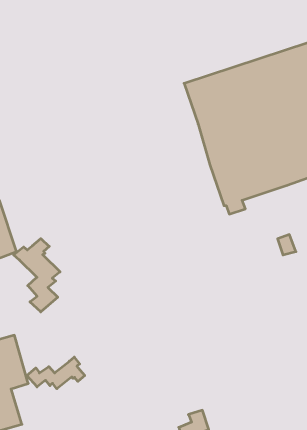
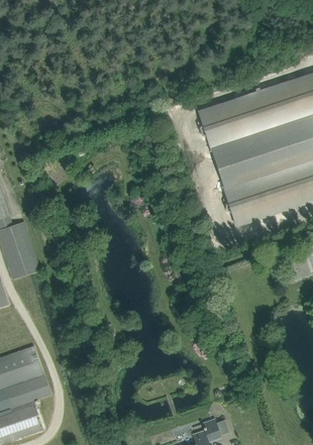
building: [14,239,60,312] -> none
building: [27,357,85,389] -> none

